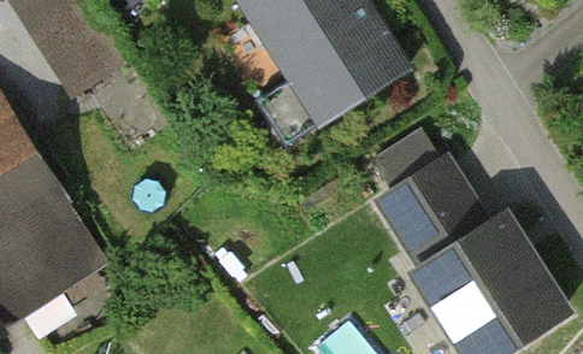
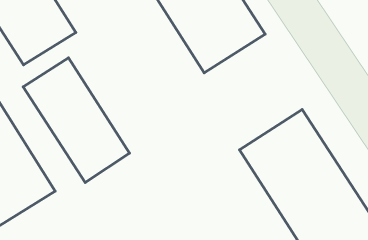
building: none -> [23,58,130,183]

